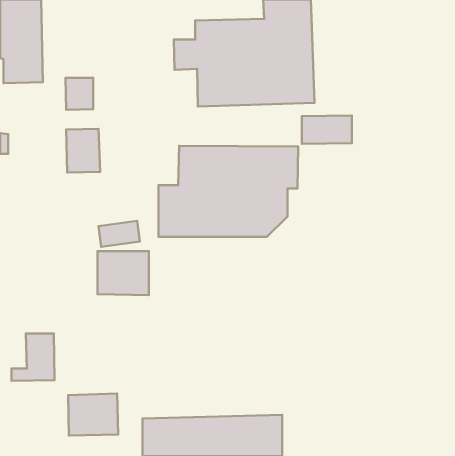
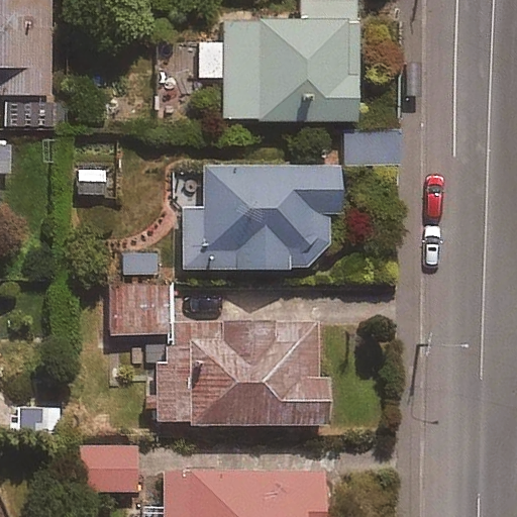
building: none -> [157,320,327,426]

